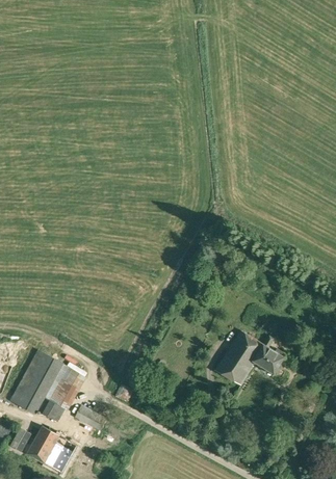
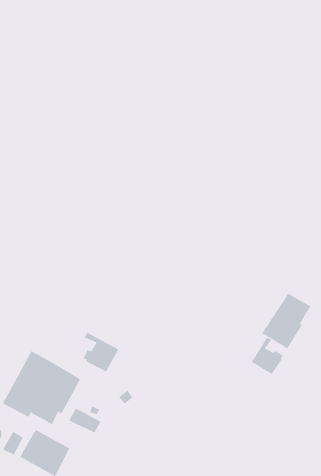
building: [213,330,262,385] -> [261,293,311,349]
building: none -> [83,332,119,372]

